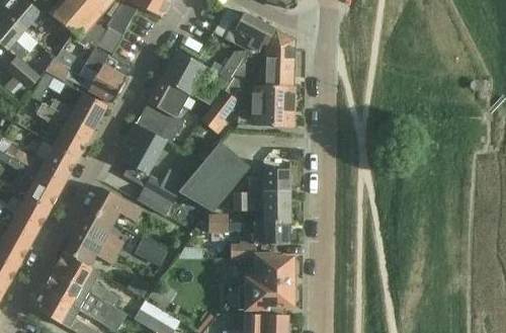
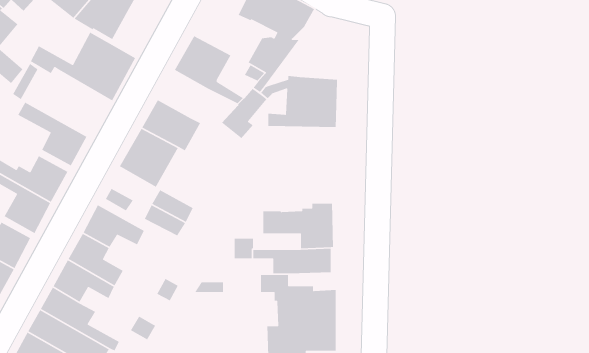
building: [264,27,296,84] -> none
building: [149,77,189,115] -> none
building: [41,91,106,131] -> none
building: [180,141,250,207] -> none
building: [249,167,290,191] -> none

